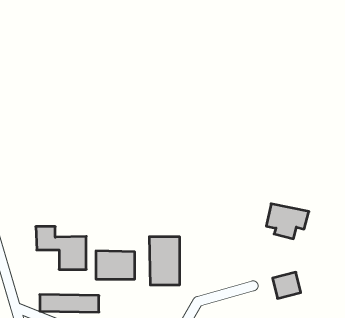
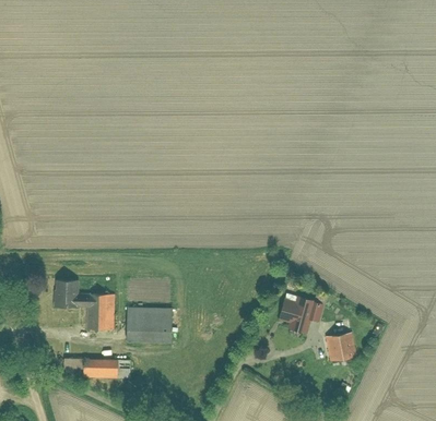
building: [266,204,309,239] -> [278,294,326,334]
building: [149,237,179,285] -> none

